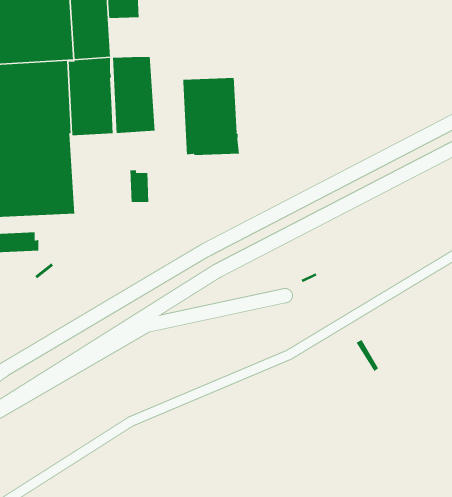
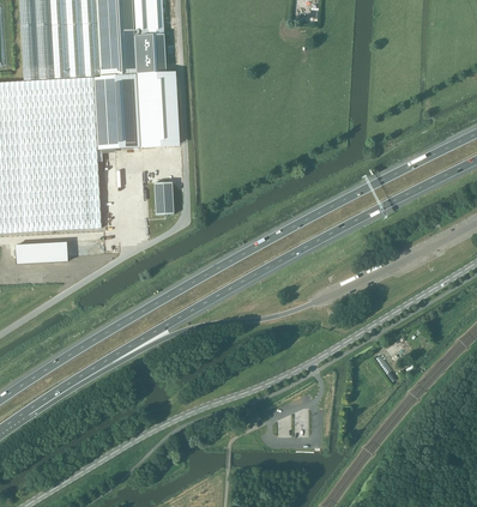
building: none -> [133,35,165,73]
building: [182,77,240,156] -> none

